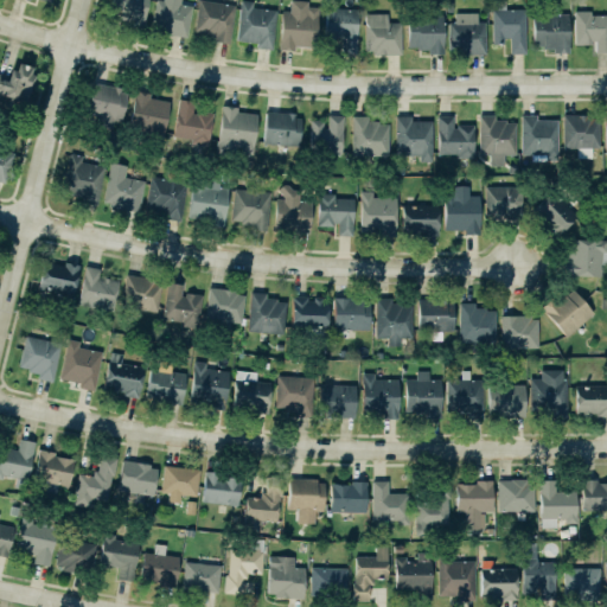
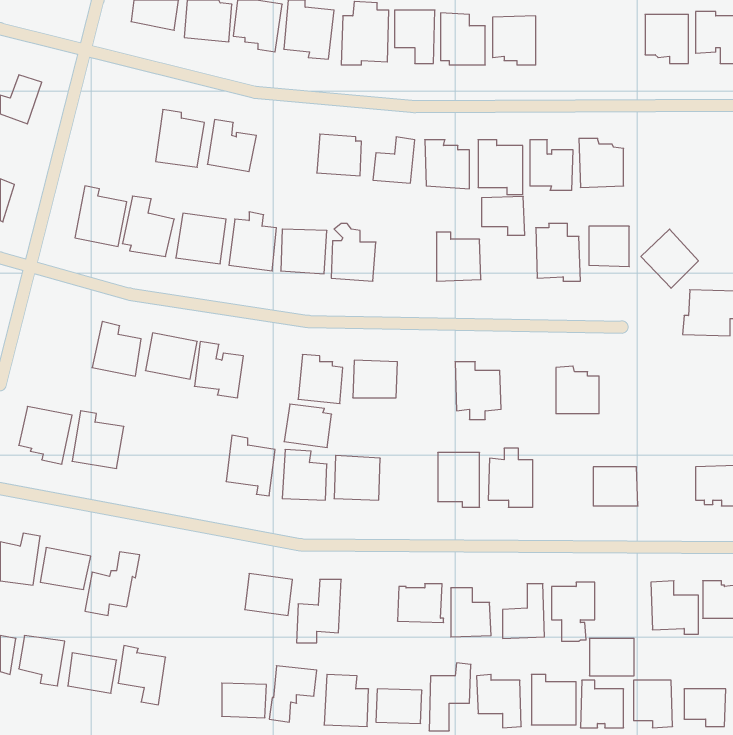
building: [492,8,526,53] -> none
building: [451,13,488,53] -> none
building: [90,84,129,128] -> none
building: [217,106,258,154] -> none
building: [522,115,557,155] -> none
building: [563,115,600,148] -> none
building: [315,192,353,235] -> none
building: [403,204,439,236] -> [482,196,525,235]
building: [39,260,82,296] -> none
building: [205,287,244,322] -> [284,404,332,447]
building: [542,289,593,337] -> none
building: [333,298,370,331] -> none
building: [420,300,455,332] -> none
building: [500,314,538,349] -> none
building: [104,352,146,397] -> none
building: [532,370,568,418] -> none
building: [448,371,485,420] -> none
building: [148,372,186,403] -> none
building: [321,385,357,418] -> none
building: [117,459,158,496] -> none
building: [161,465,200,497] -> none
building: [288,478,325,523] -> none
building: [499,481,536,512] -> [589,638,634,676]
building: [141,544,181,586] -> none

